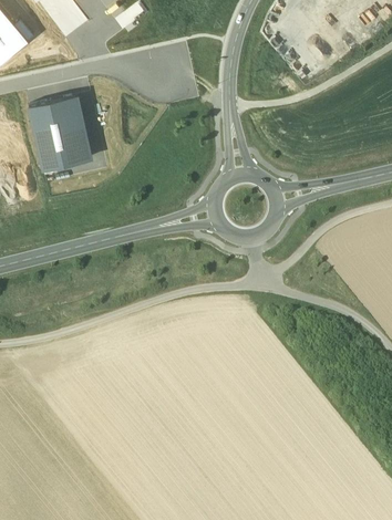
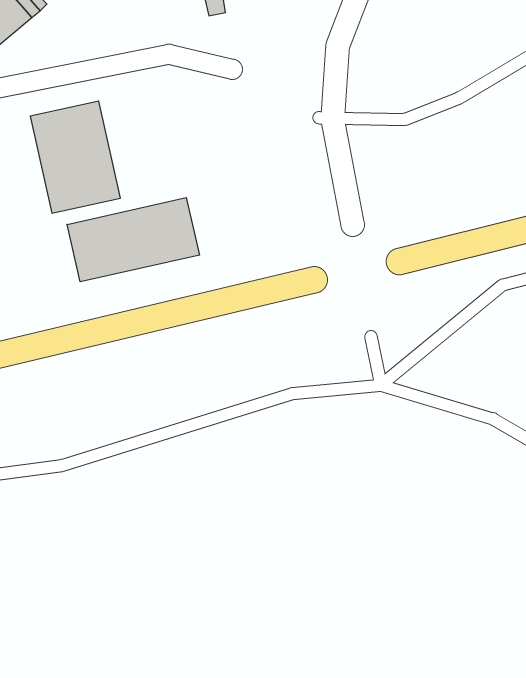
building: none -> [67,198,200,282]

